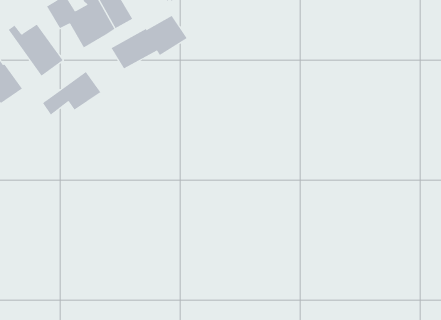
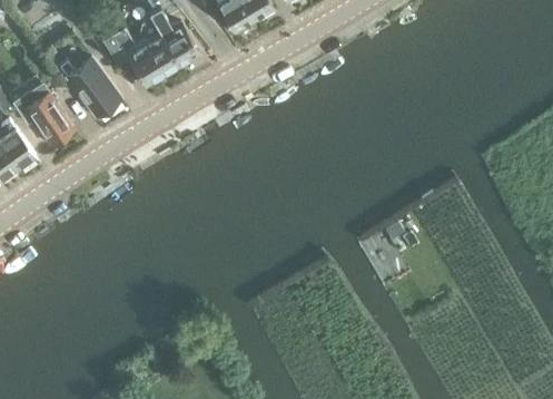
building: [111,15,187,69] -> none
building: [43,71,101,115] -> none

